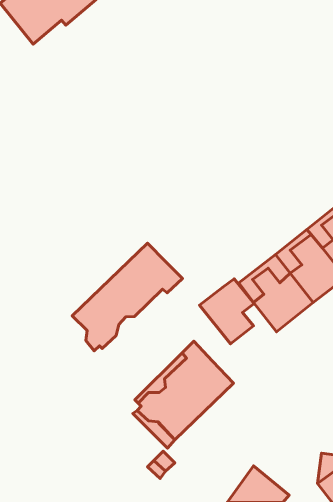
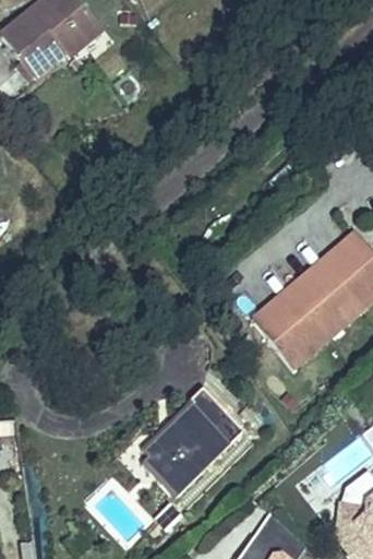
building: [72,243,182,351] -> none
building: [200,279,254,344] -> none

